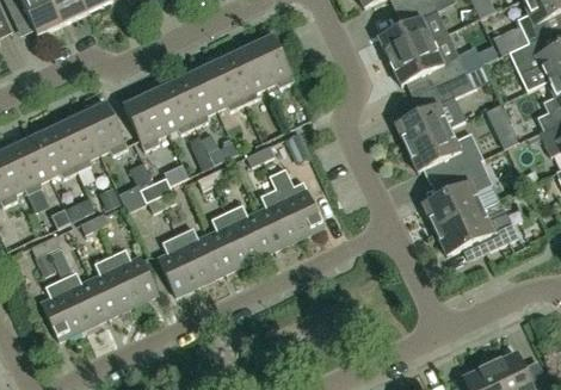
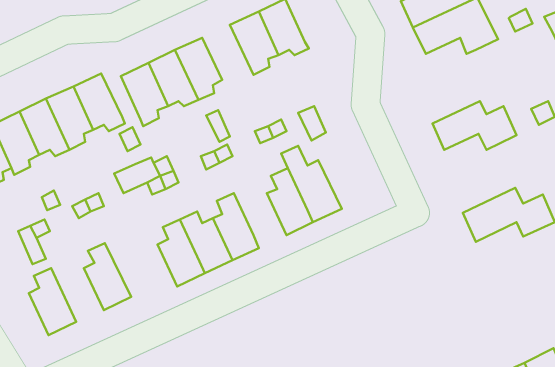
building: [198,57,245,109] -> none
building: [395,70,474,147] -> none
building: [423,159,493,228] -> none
building: [227,203,275,260] -> none
building: [110,247,159,304] -> none
building: [61,271,109,327] -> none

